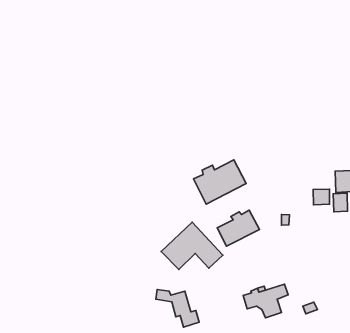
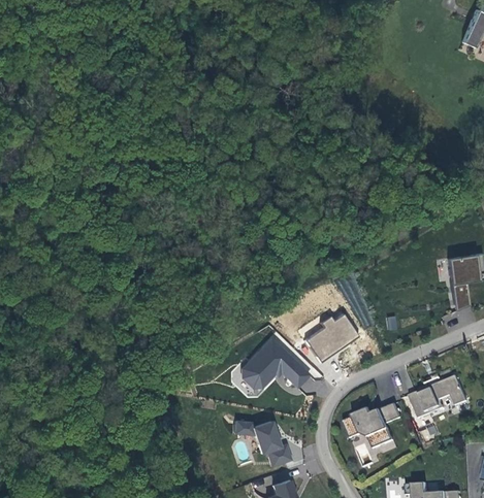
building: [193,160,246,204] -> none
building: [313,189,330,205] -> none
building: none -> [409,375,466,419]

